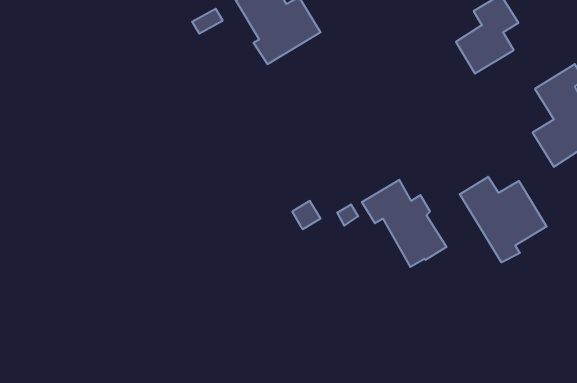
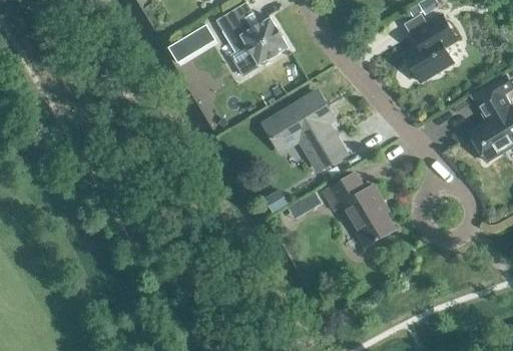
building: none -> [265,92,345,168]
building: [460,177,547,262] -> none

